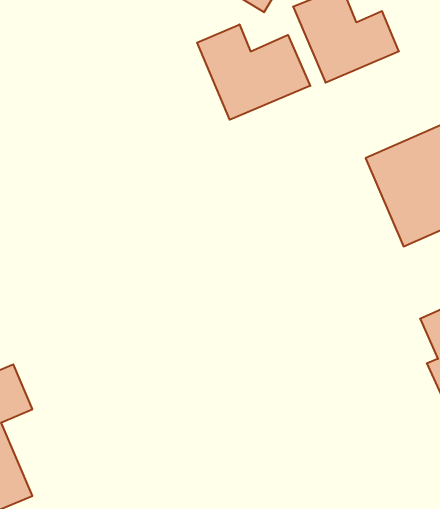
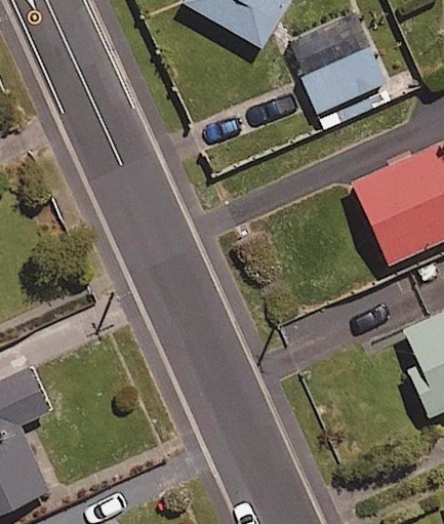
building: [197,24,310,120] -> none

